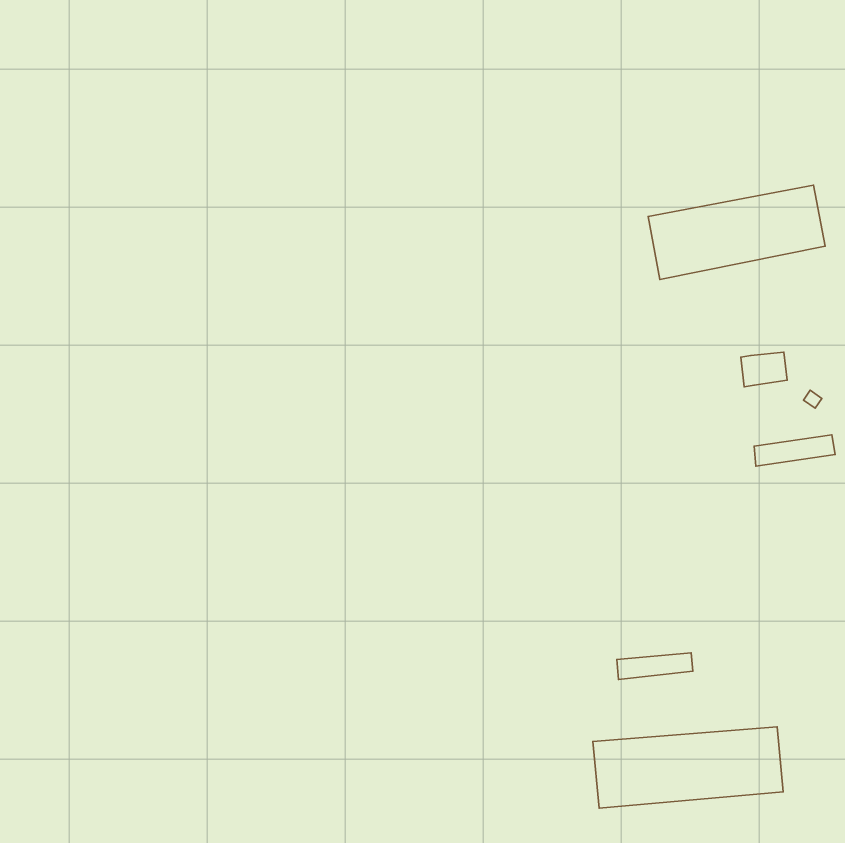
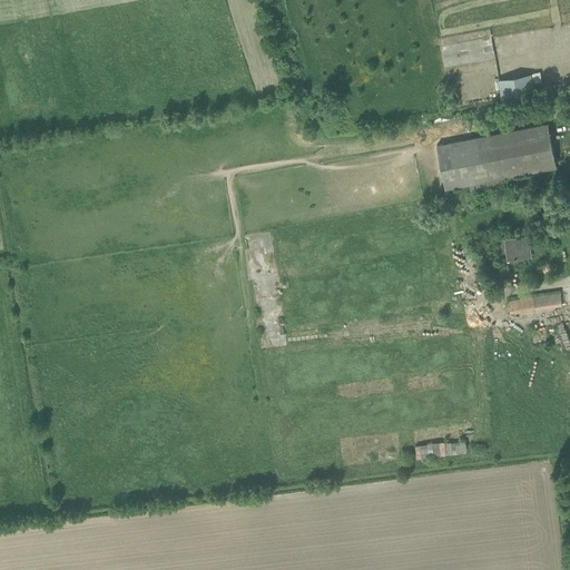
building: none -> [499,76,533,97]
building: [593,727,783,808] -> none

